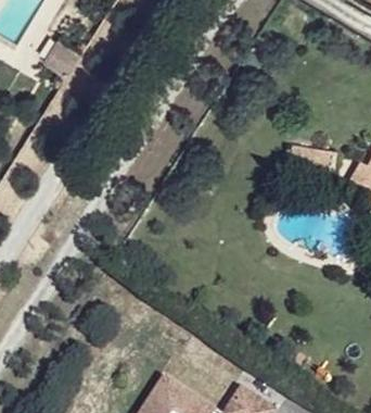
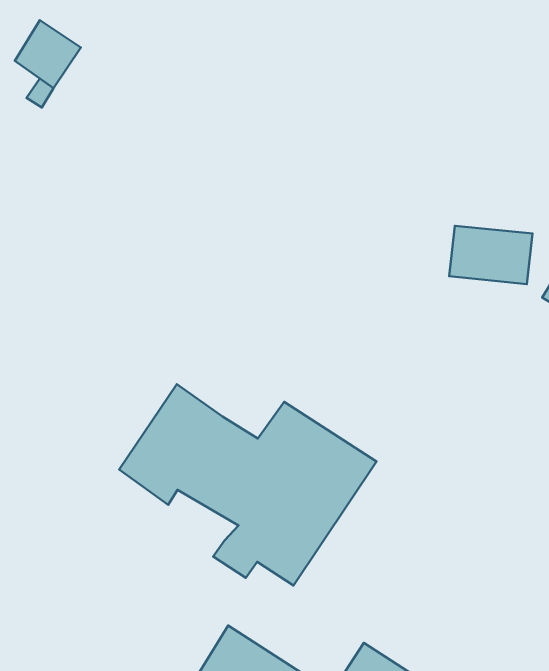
building: none -> [119,384,376,586]

